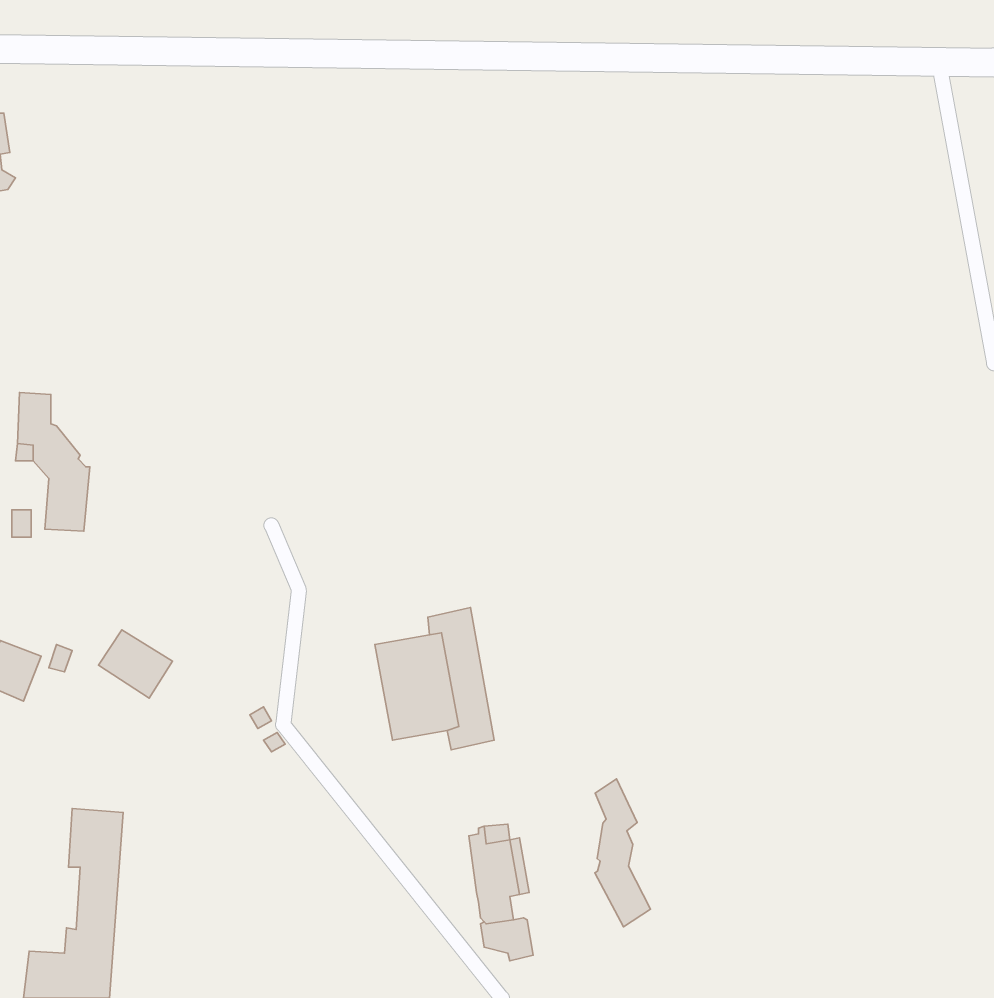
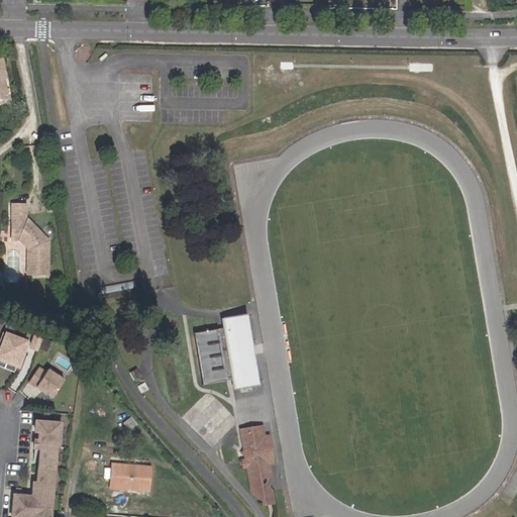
building: [98,630,173,698] -> [28,363,67,398]
building: [595,779,651,927] -> none
building: none -> [109,466,148,490]

